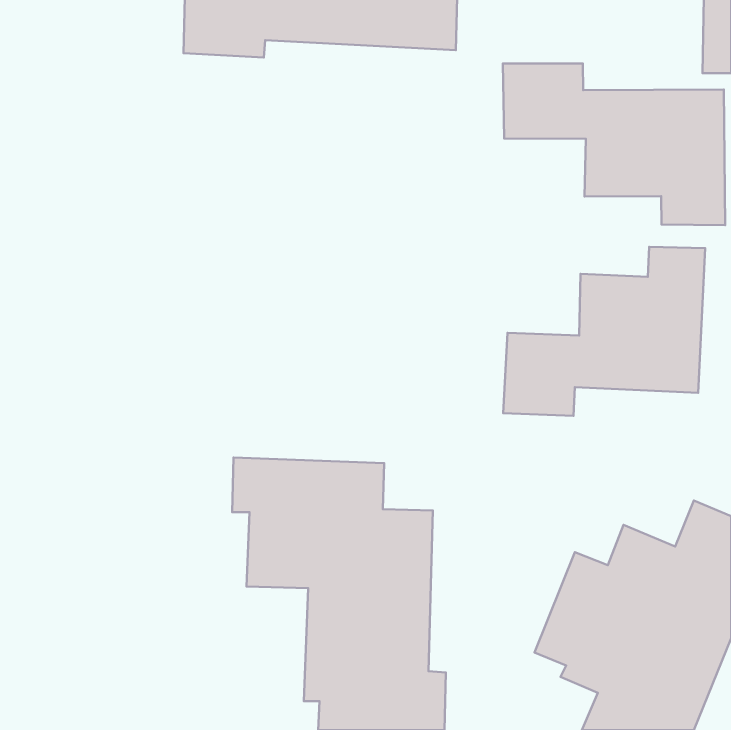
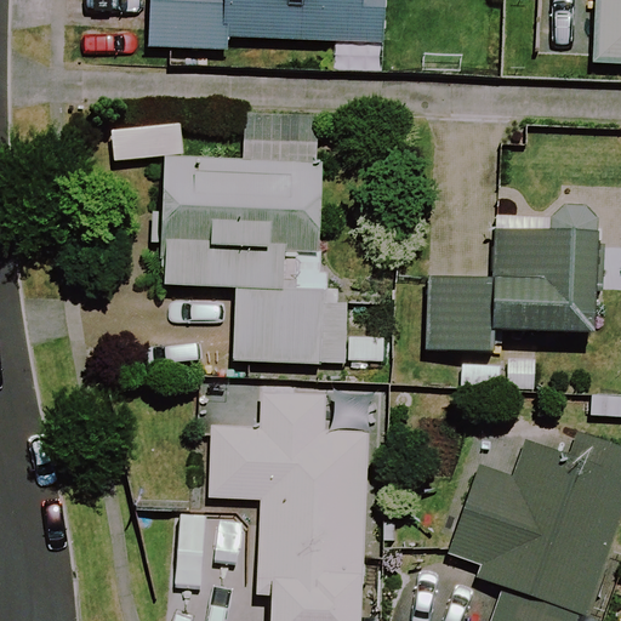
building: [503,63,725,225] -> none
building: none -> [164,114,342,361]

